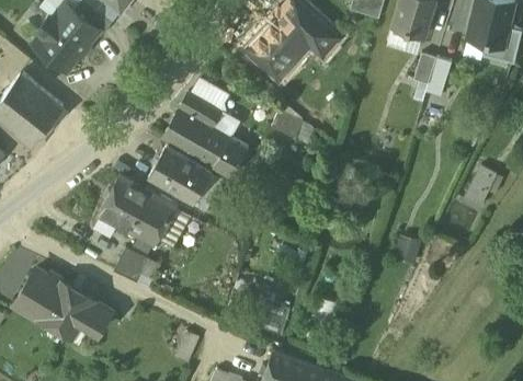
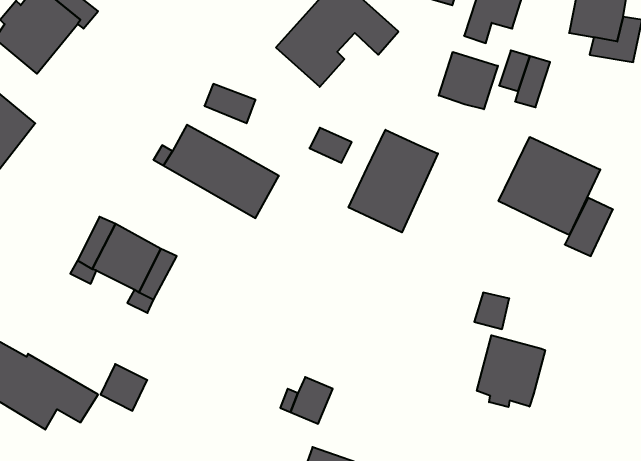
building: none -> [439,52,498,109]
building: [180,93,226,127] -> none
building: none -> [349,130,438,232]
building: none -> [499,137,600,235]
building: [149,147,213,205] -> none
building: [117,249,152,284] -> [101,364,147,411]
building: none -> [477,335,545,407]

